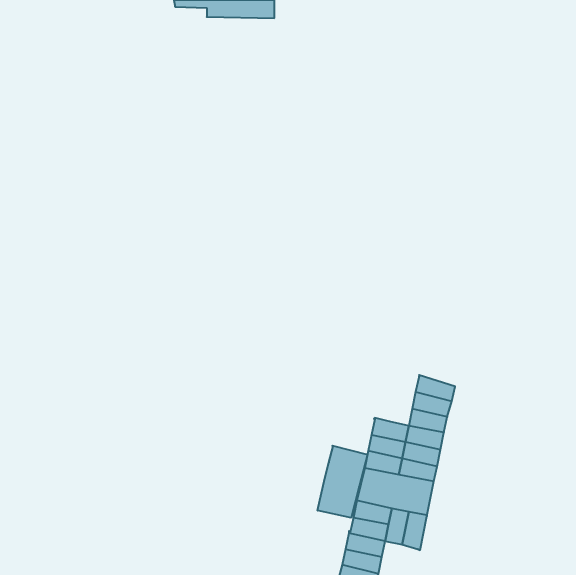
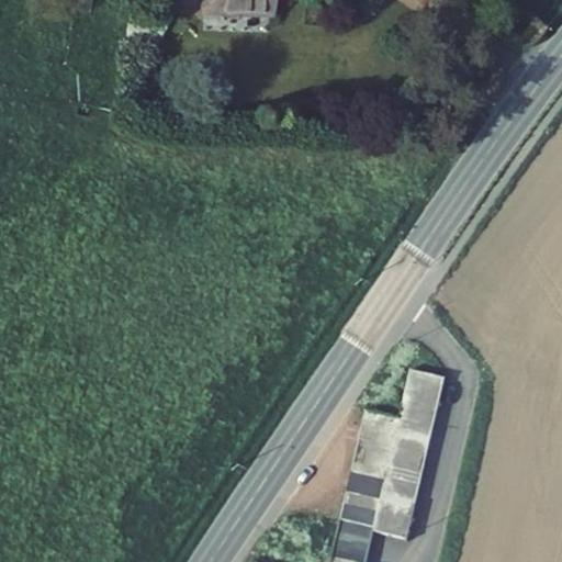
building: [318,446,367,518] -> none

